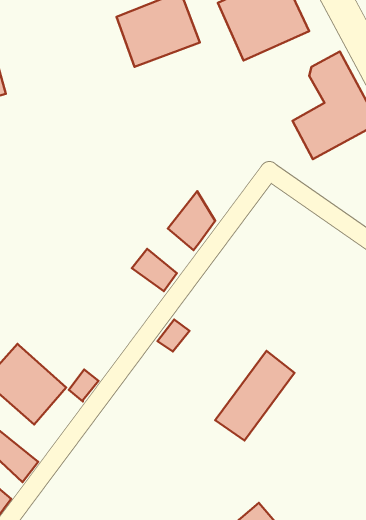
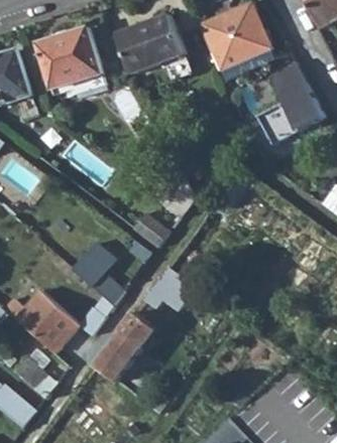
building: none -> [34,27,100,88]
building: none -> [72,241,126,307]
building: [215,351,295,441] -> [92,312,154,383]

